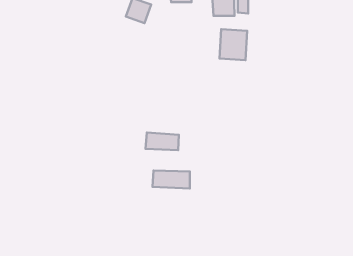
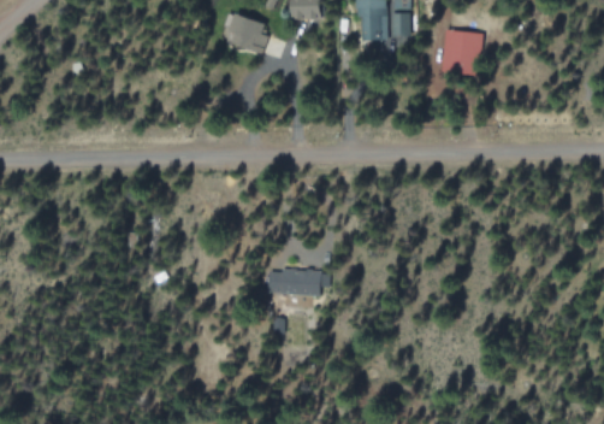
building: [219,29,247,60] -> [443,29,484,75]
building: [145,133,179,150] -> none

